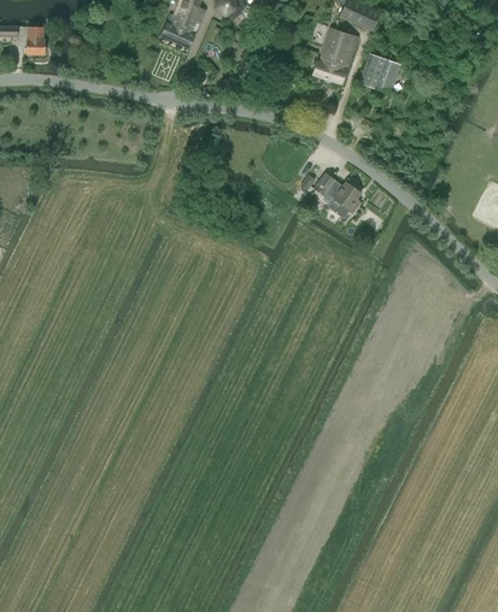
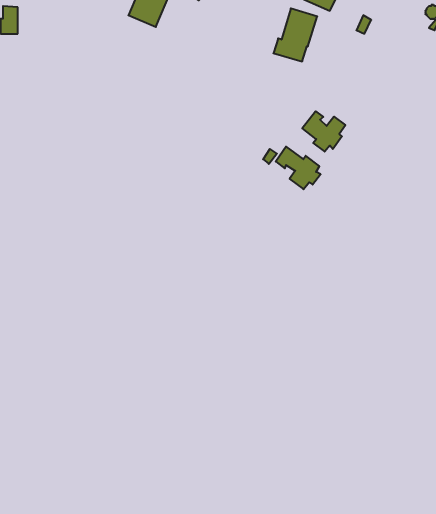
building: [358,52,400,93] -> none
building: none -> [302,111,345,152]

